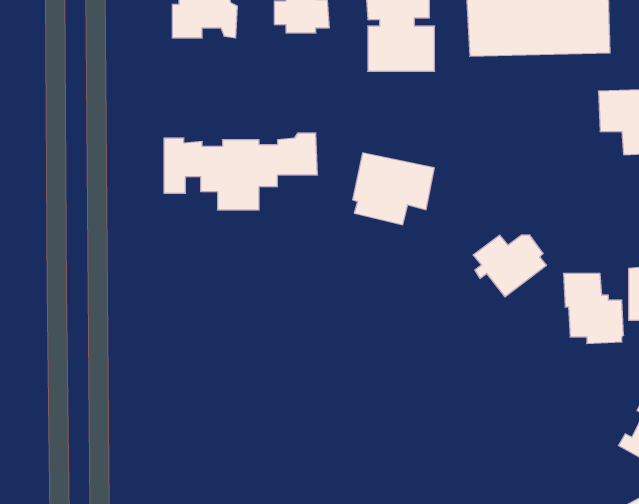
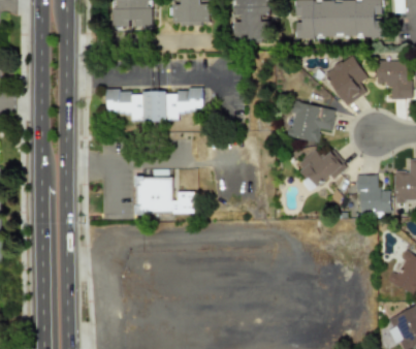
building: none -> [325,59,367,104]
building: [353,153,434,225] -> [286,97,337,141]
building: none -> [134,176,192,214]

